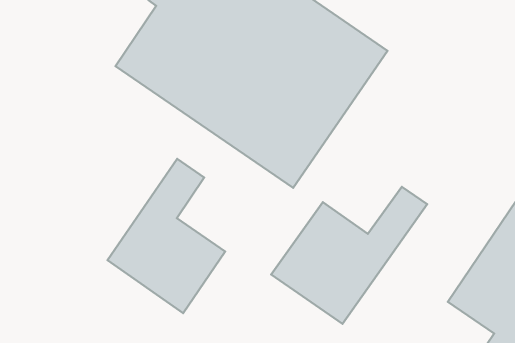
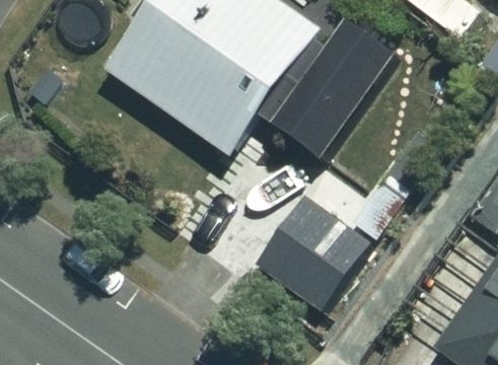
building: [107,159,225,313] -> none

